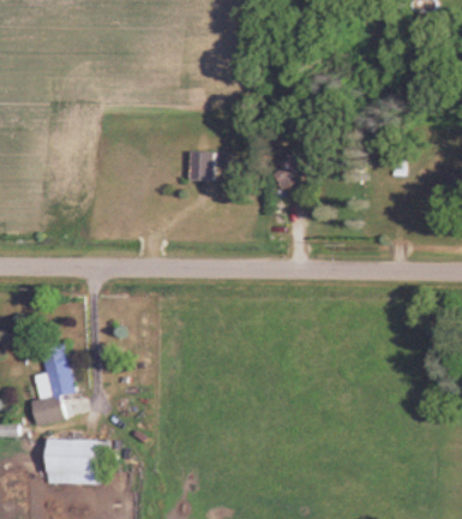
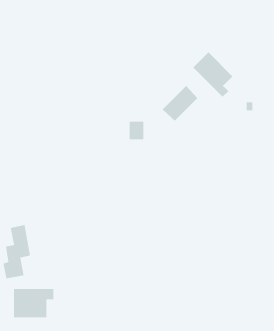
building: none -> [192,52,233,98]
building: [191,151,214,180] -> [129,121,144,140]

